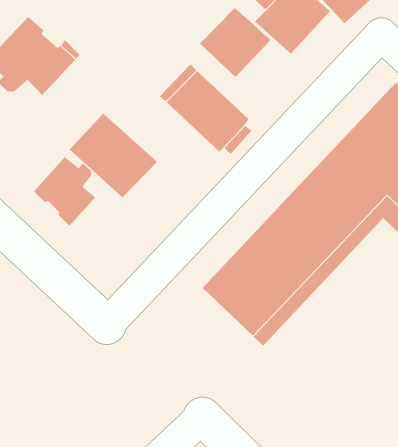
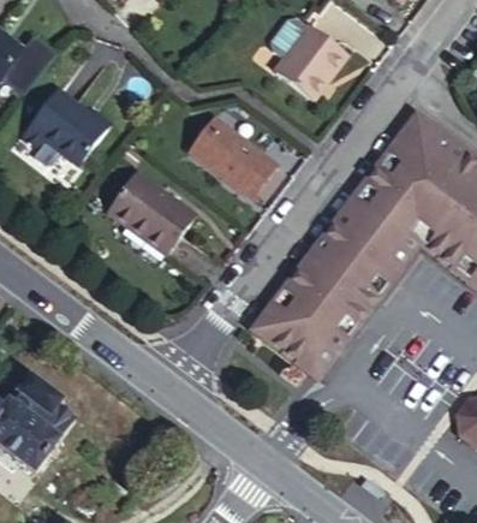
building: [199,7,272,78] -> none
building: [33,156,96,226] -> none

